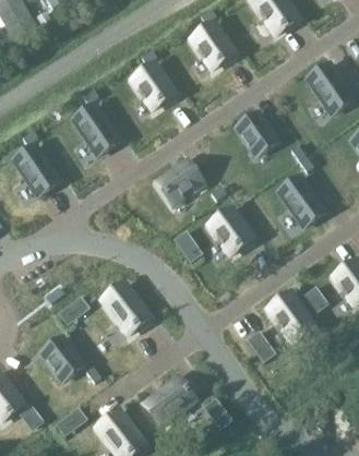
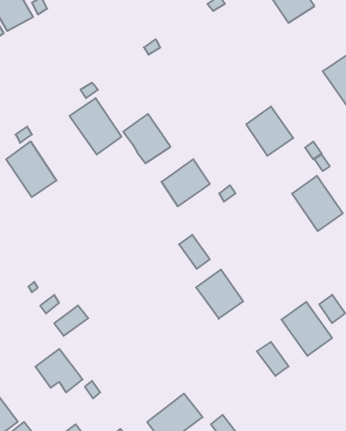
building: [192,23,235,69] -> none
building: [132,63,176,109] -> [123,114,170,163]
building: [210,208,253,254] -> [196,270,243,319]
building: [103,283,151,334] -> none

